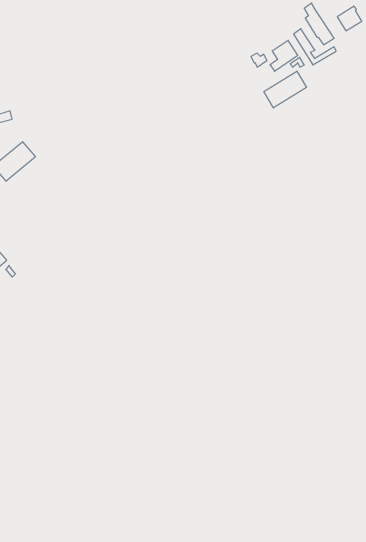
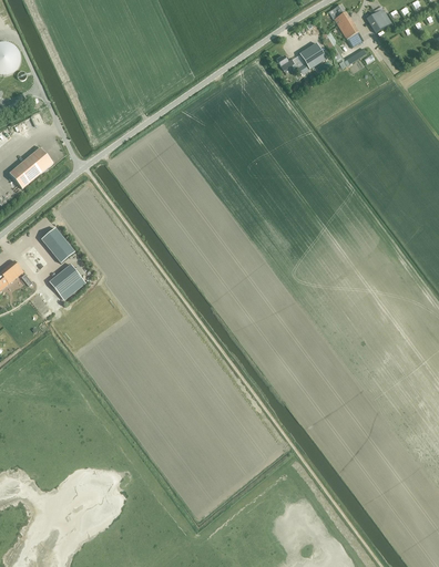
building: [264,71,307,108] -> none
building: none -> [41,227,75,262]
building: none -> [49,264,85,299]

